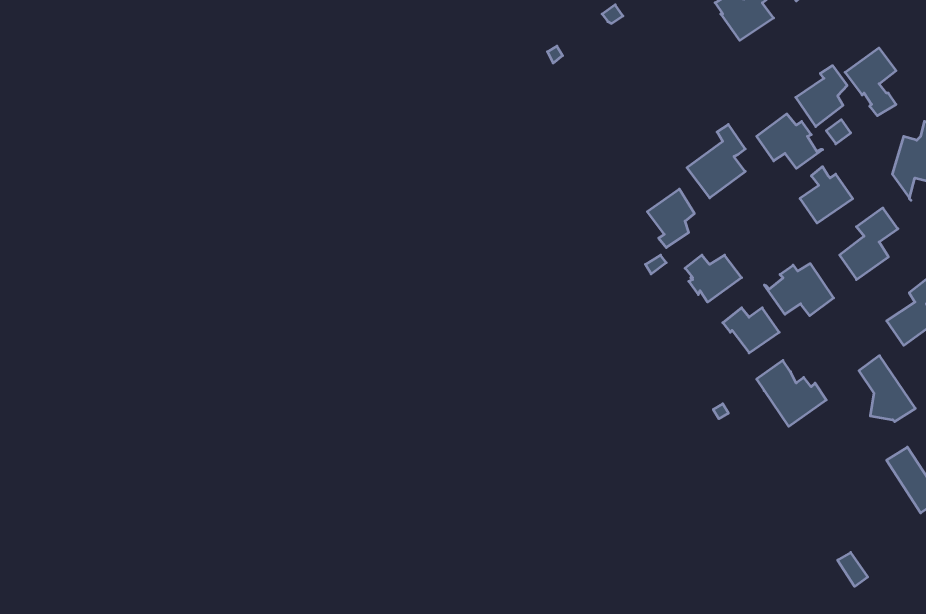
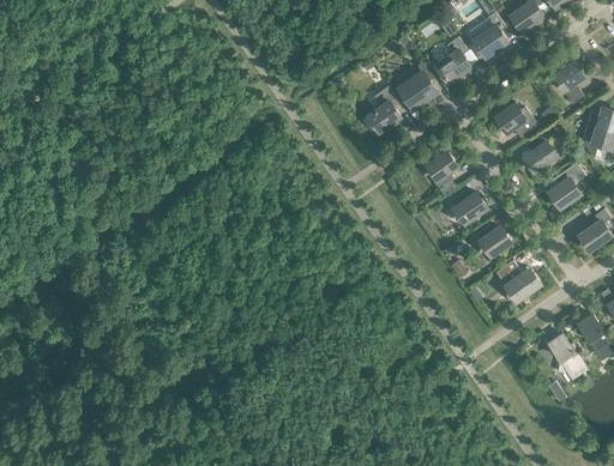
building: none -> [435,38,470,84]
building: [796,66,847,127] -> none
building: none -> [367,87,399,133]
building: [687,124,745,198] -> [398,62,435,109]
building: [764,264,834,316] -> none
building: [859,356,915,422] -> [549,335,585,377]

